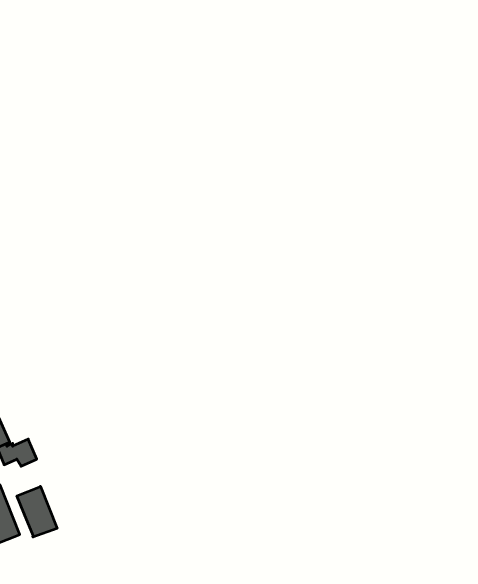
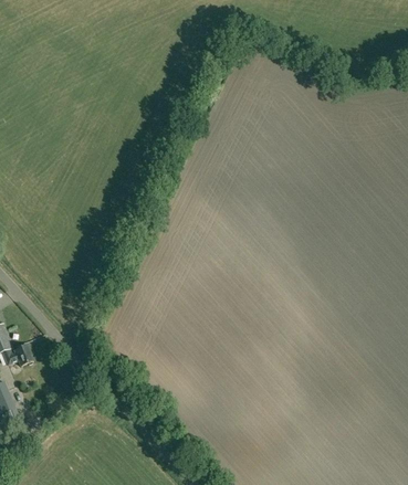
building: [17,486,57,537] -> none

